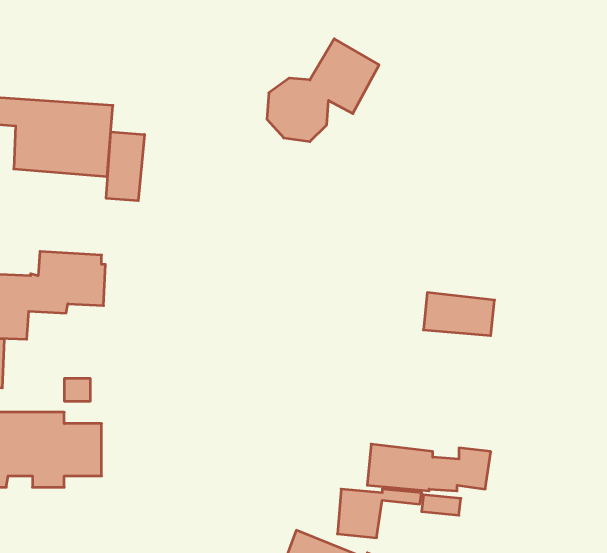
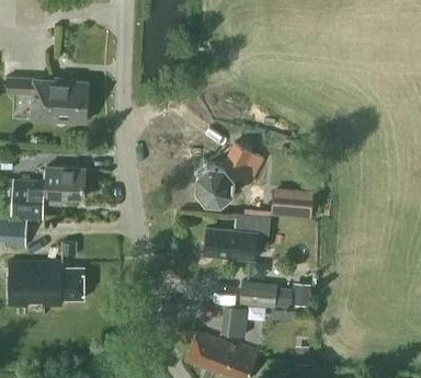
building: [267,39,379,142] -> [196,144,262,204]
building: [106,132,144,201] -> none
building: none -> [202,214,270,262]

